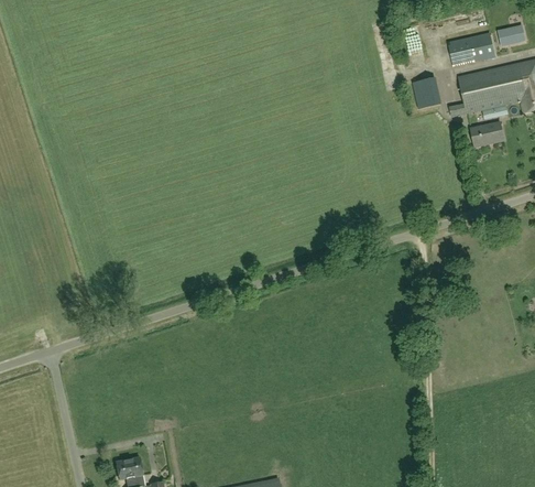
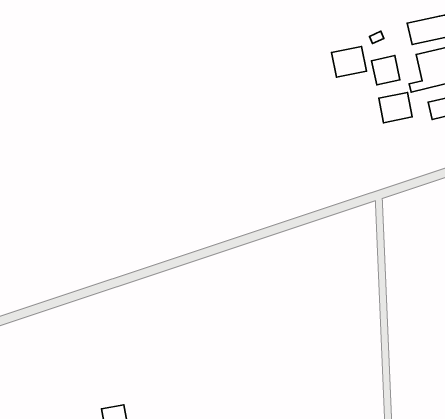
building: none -> [331,46,367,77]
building: none -> [379,92,412,123]

